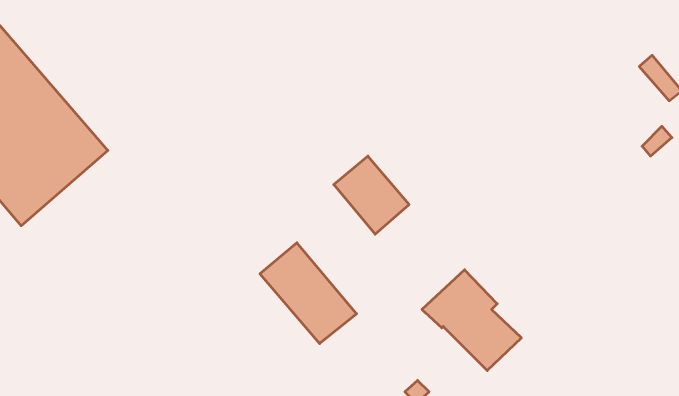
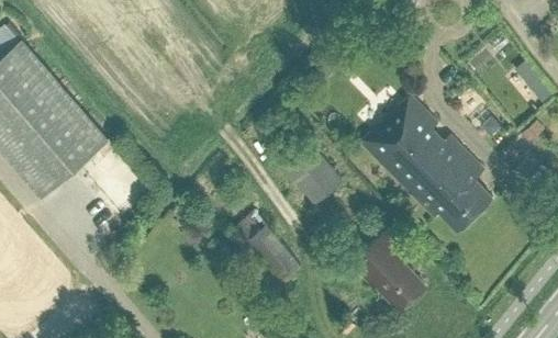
building: none -> [360,97,493,233]

